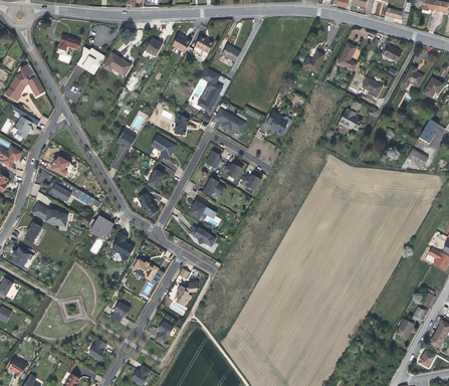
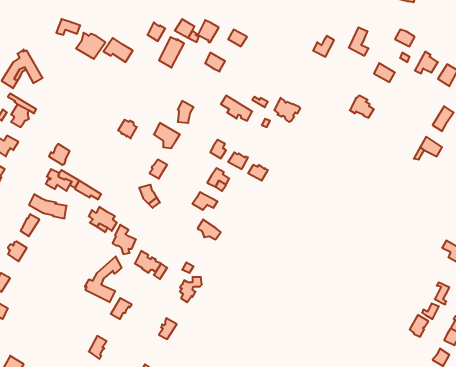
building: [197,82,221,112] -> [159,37,184,68]
building: none -> [85,256,122,302]

